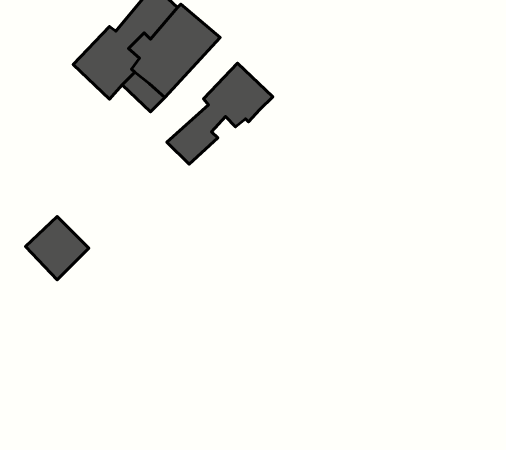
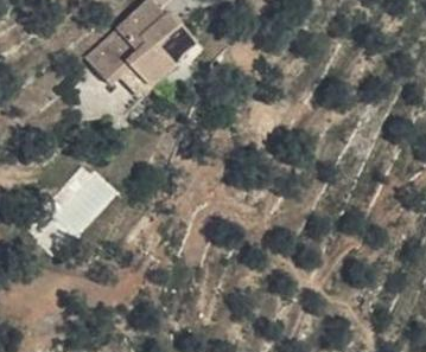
building: [167,63,273,164] -> none

